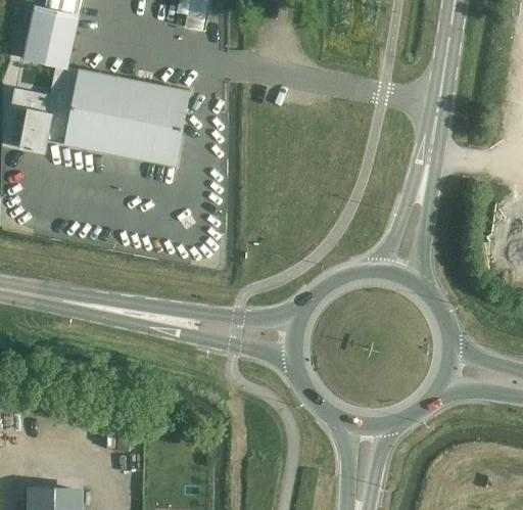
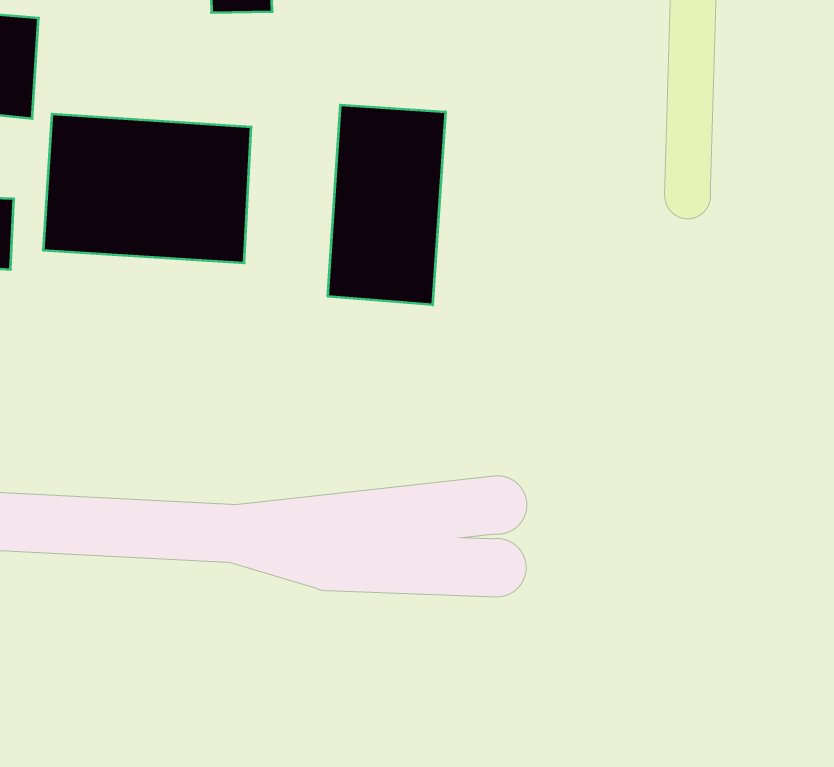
building: none -> [328,105,445,305]

